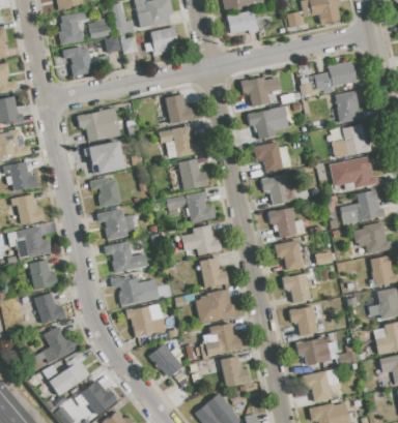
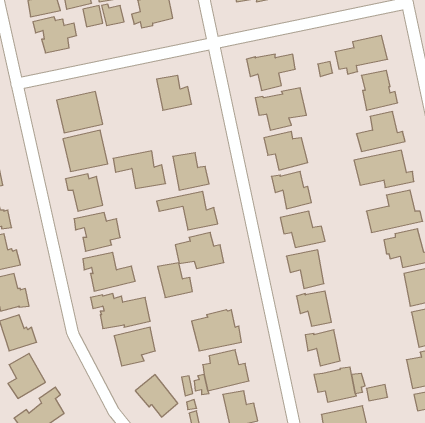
building: [158,125,201,156] -> [113,151,166,188]
building: [199,258,228,286] -> [158,263,192,298]

